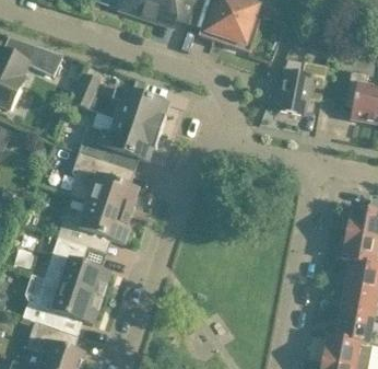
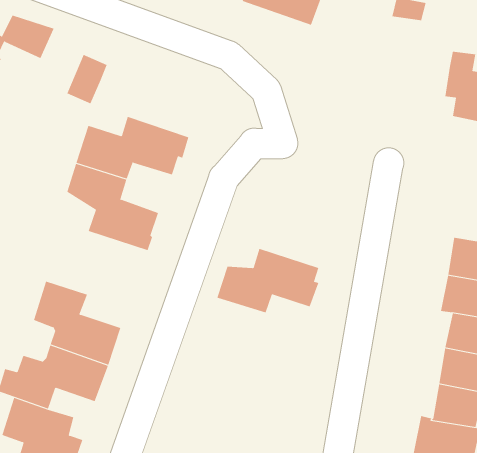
building: [276,60,328,115] -> none
building: [114,85,167,132] -> none
building: [57,200,131,247] -> [216,248,319,313]

